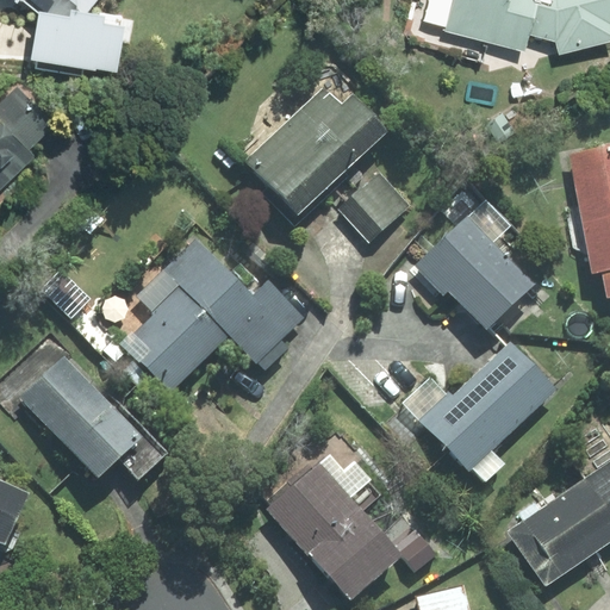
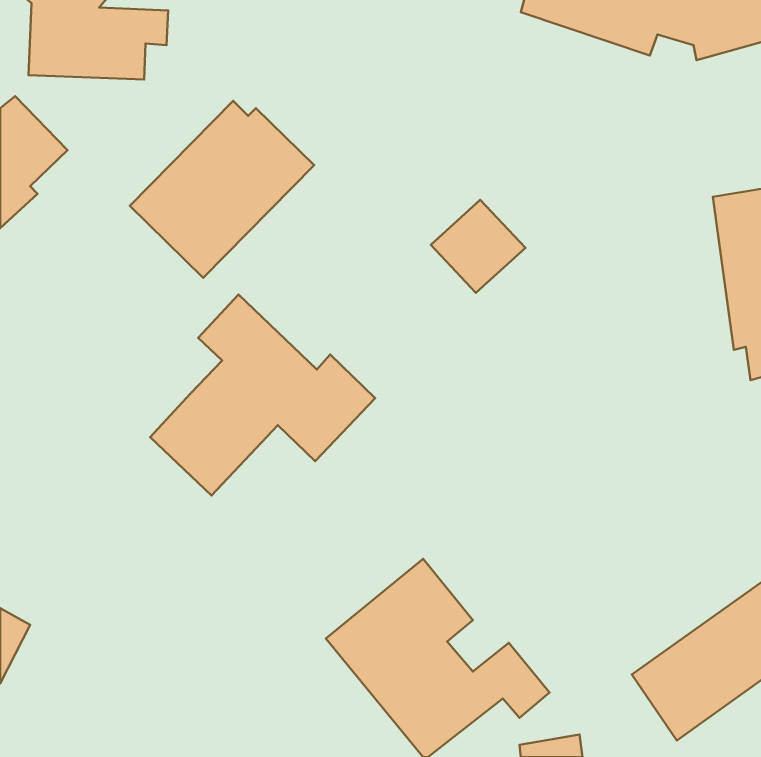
building: [239,82,386,223] -> [130,101,314,278]
building: [411,213,535,331] -> none
building: [402,340,558,484] -> none
building: [23,356,167,483] -> none

